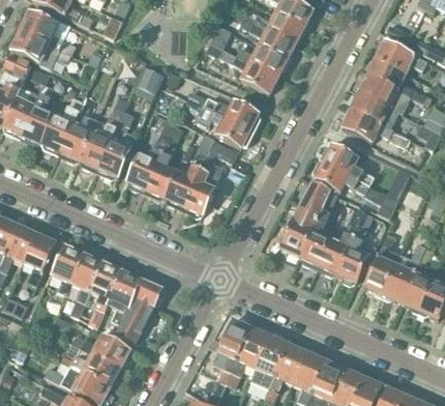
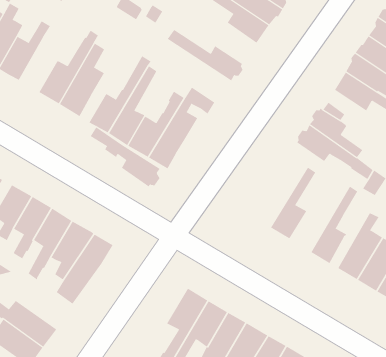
building: [60,99,97,161] -> none
building: [183,99,250,148] -> [90,126,161,187]
building: [279,182,337,257] -> none
building: [318,207,365,274] -> none
building: [80,335,129,370] -> none

